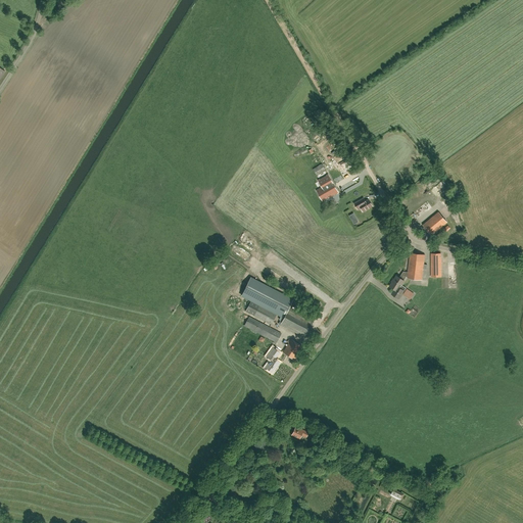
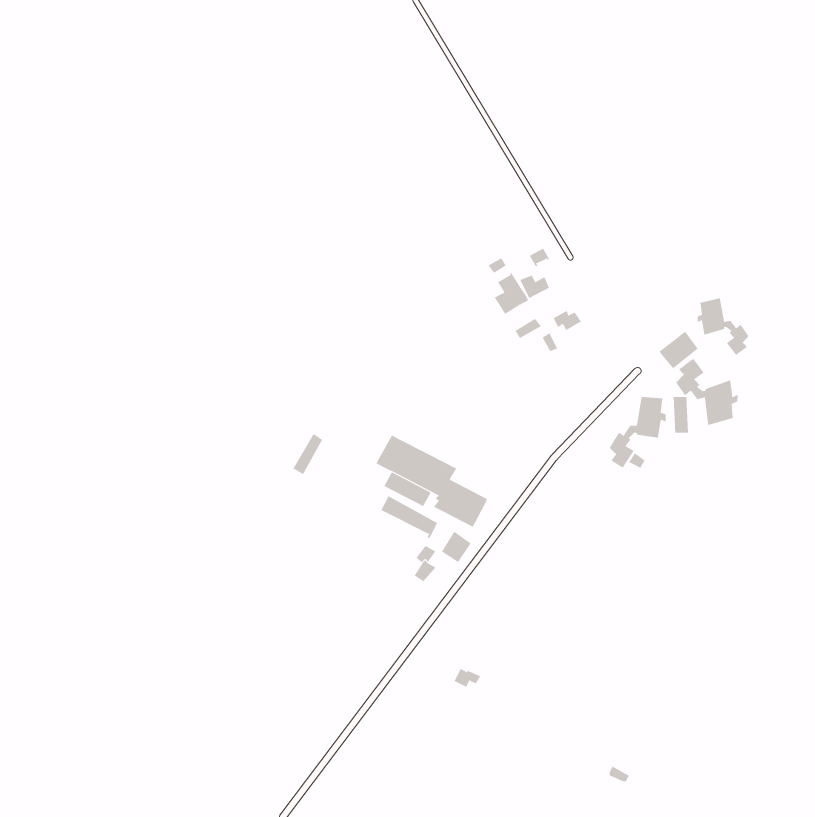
building: none -> [697,297,749,356]
building: none -> [676,358,738,426]

